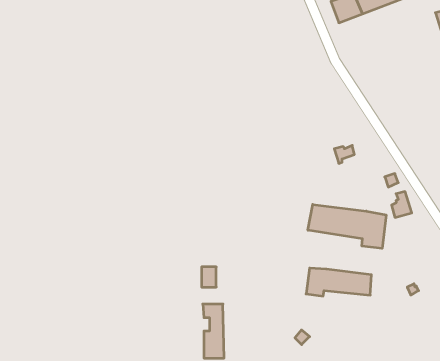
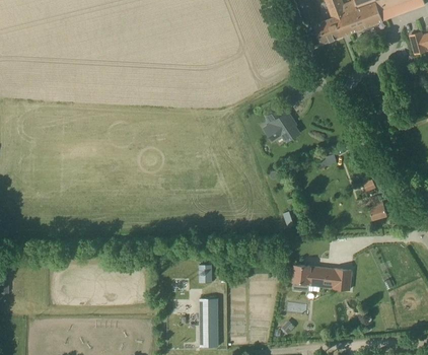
building: none -> [266,111,300,142]
building: [308,204,386,248] -> none

